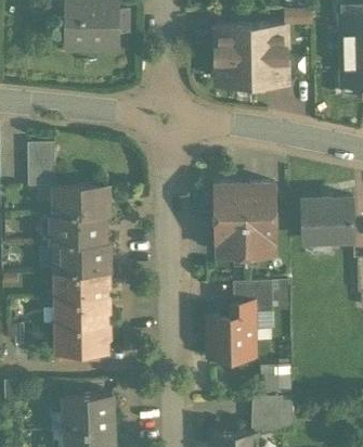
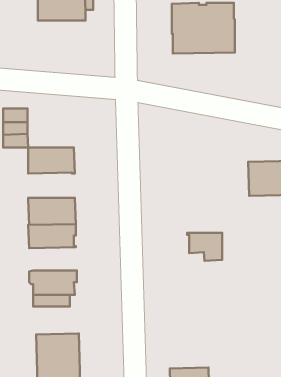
building: [215,186,276,254] -> none
building: [52,215,104,245] -> none
building: [56,298,108,324] -> none
building: [209,304,252,357] -> none
building: [255,396,293,420] -> none

